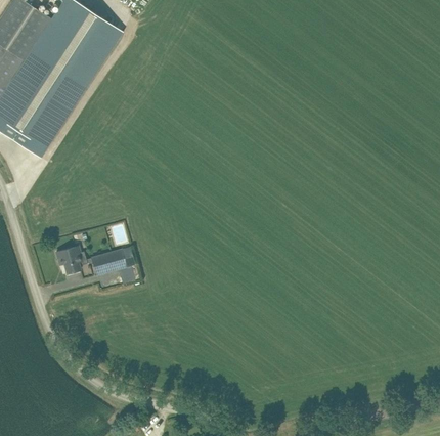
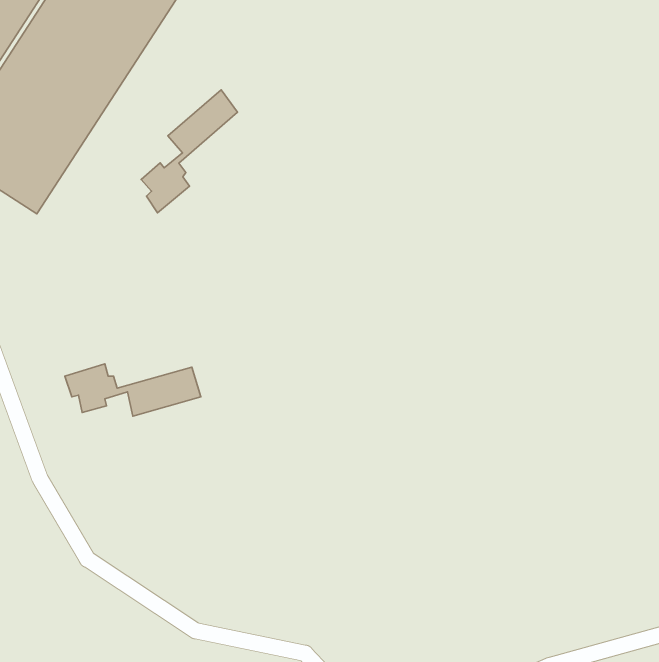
building: none -> [141,90,237,213]

